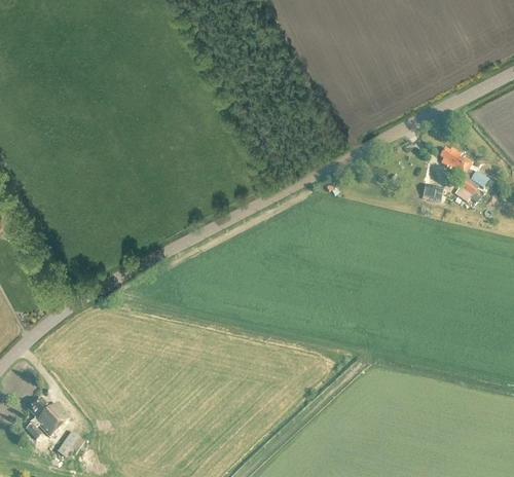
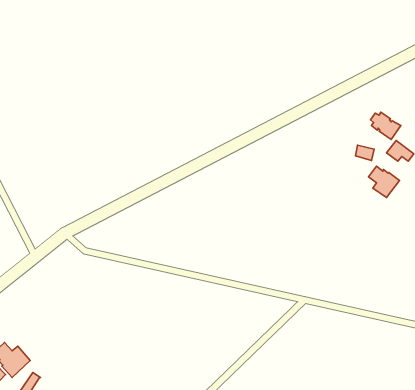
building: none -> [368,166,400,198]

